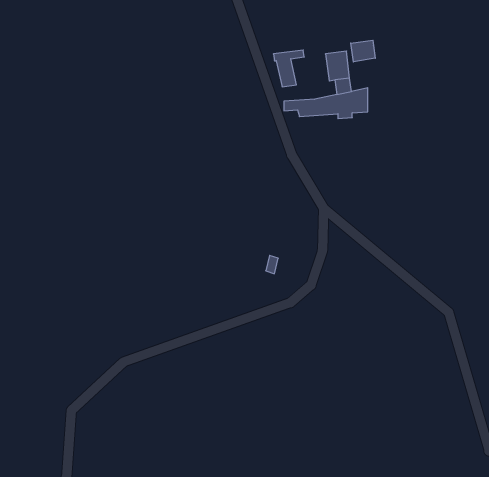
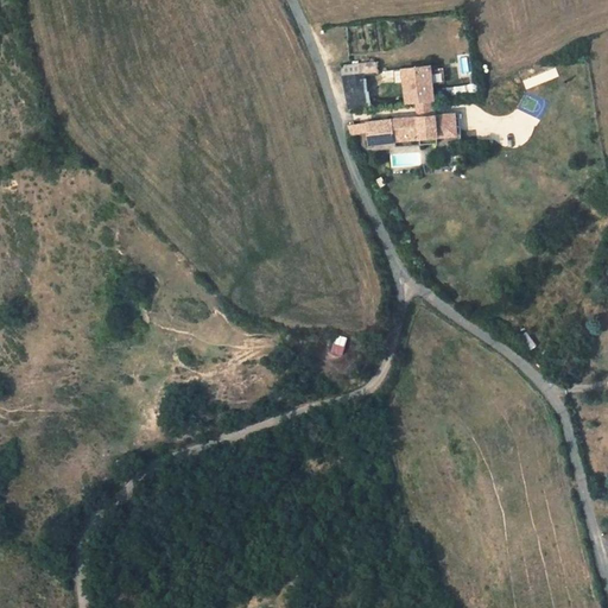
building: [351,40,375,62] -> none

